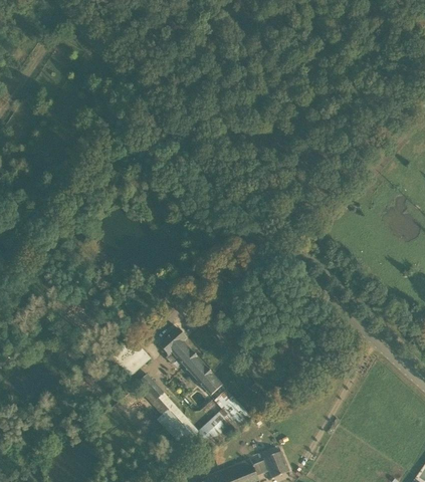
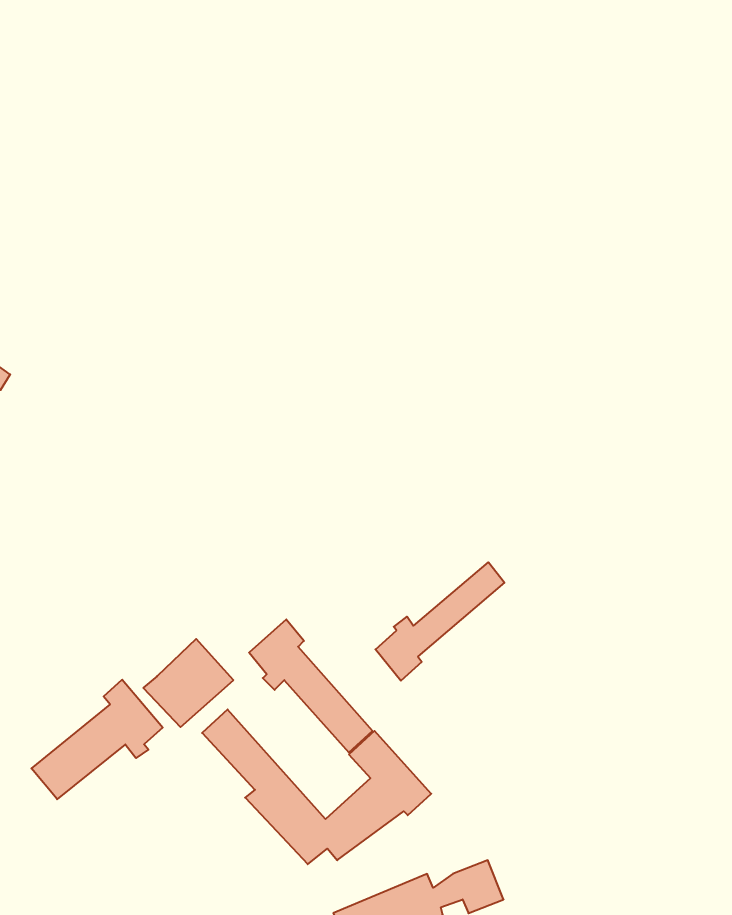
building: none -> [375,562,504,681]
building: none -> [31,680,163,799]

